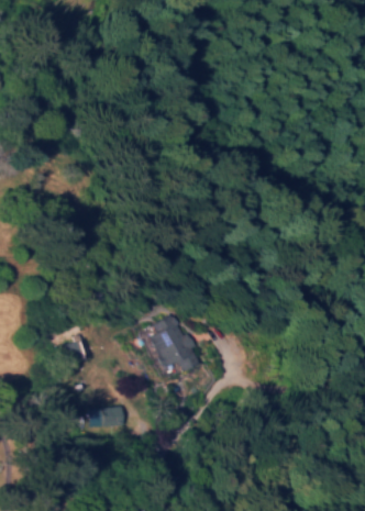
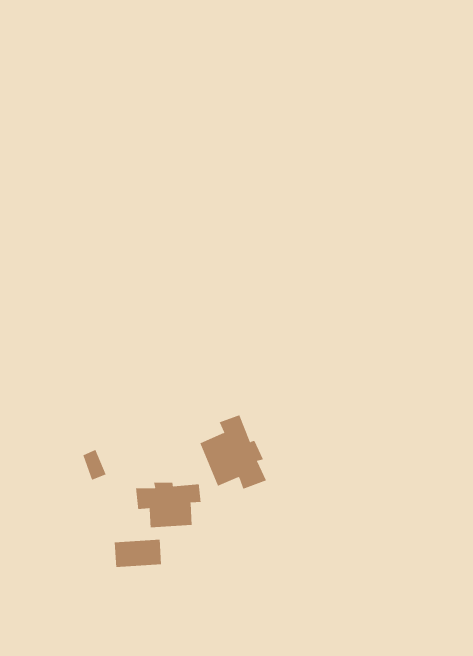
building: none -> [136,482,201,528]

